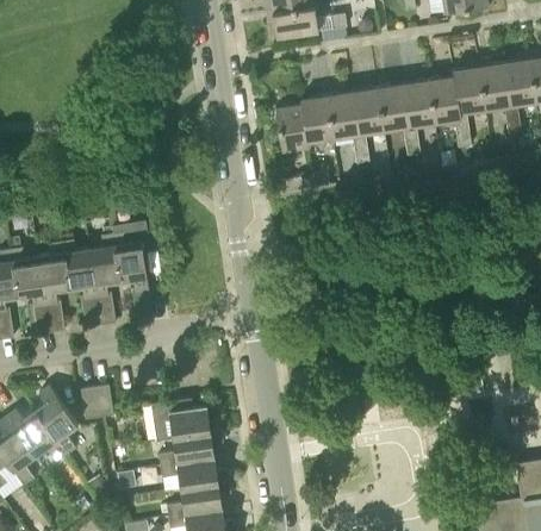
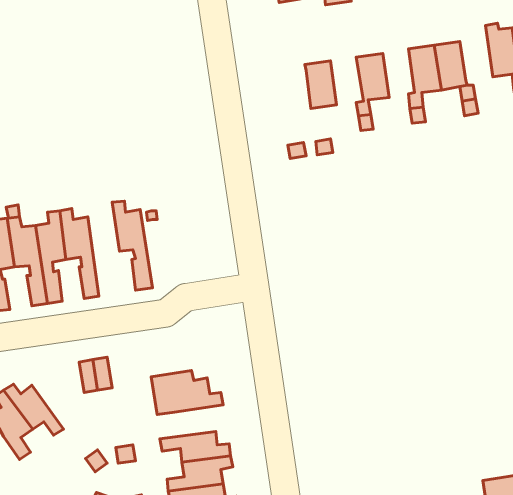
building: [452,61,485,114] -> none
building: [378,83,409,131] -> none
building: [327,92,359,138] -> none
building: [275,105,309,152] -> none
building: [89,233,120,325] -> none
building: [35,386,77,455] -> none
building: [158,431,223,464] -> none

